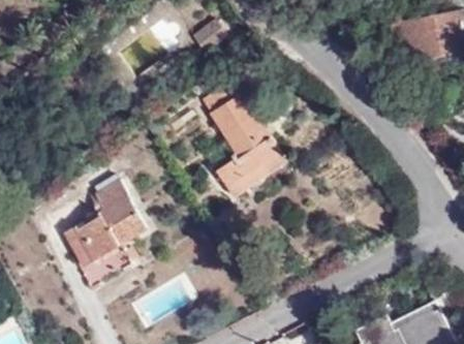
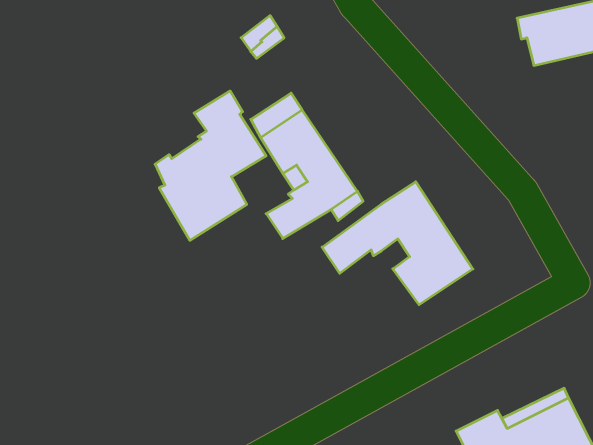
building: none -> [322,182,473,305]
building: [63,179,146,290] -> [155,91,266,240]

